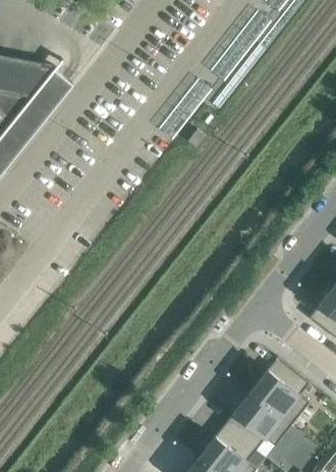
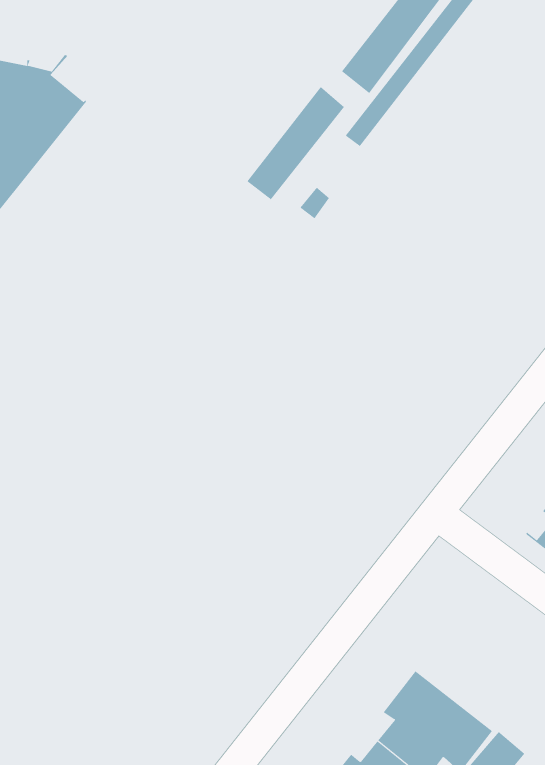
building: [249,357,309,423] -> none

